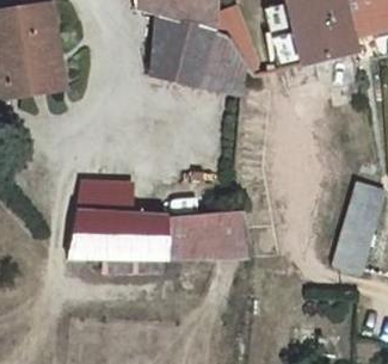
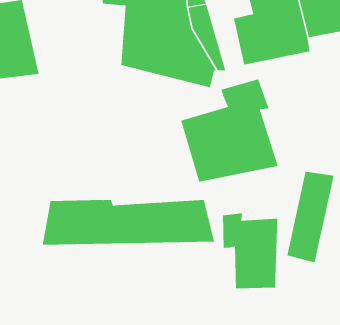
building: none -> [181,78,279,183]
building: [80,183,136,214] -> none
building: none -> [223,213,278,289]

